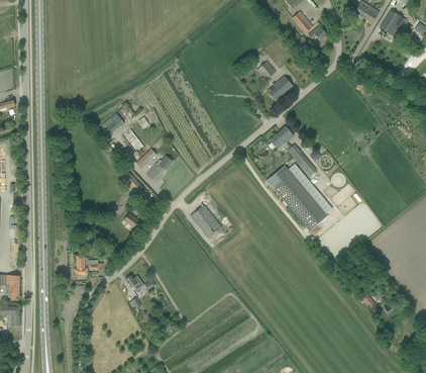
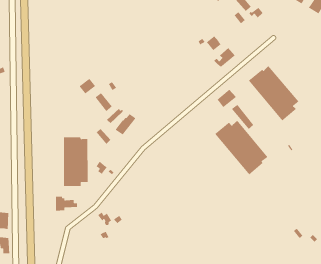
building: none -> [248,65,300,121]
building: none -> [63,136,89,187]
building: [191,205,221,238] -> none

